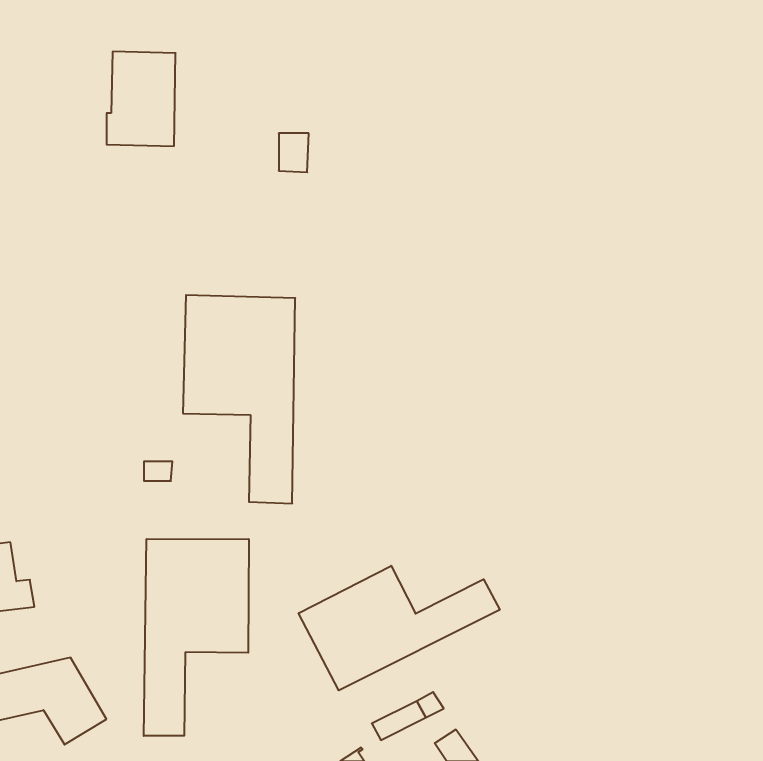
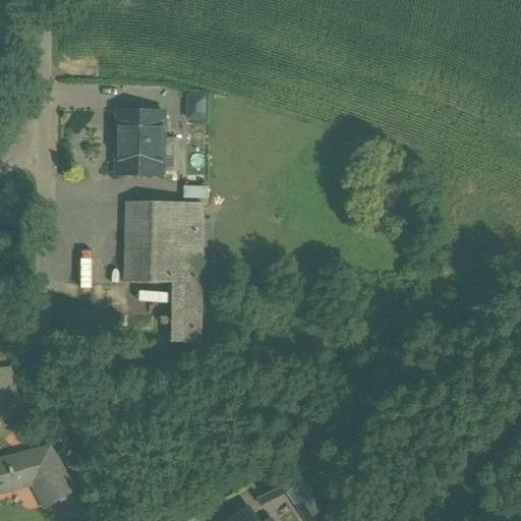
building: [107,52,176,146] -> [115,110,162,174]
building: [144,539,249,736] -> none
building: [299,566,500,690] -> none

